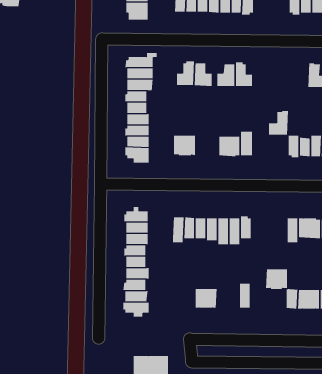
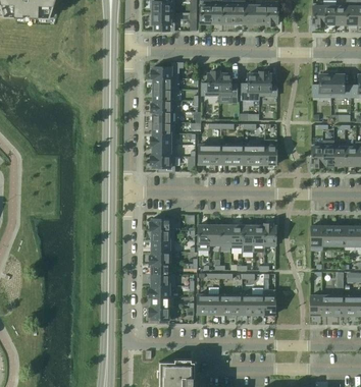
building: [268,110,289,135] -> [312,73,332,98]
building: none -> [221,145,244,165]
building: [265,269,288,289] -> [242,295,264,316]
building: none -> [198,294,220,315]

